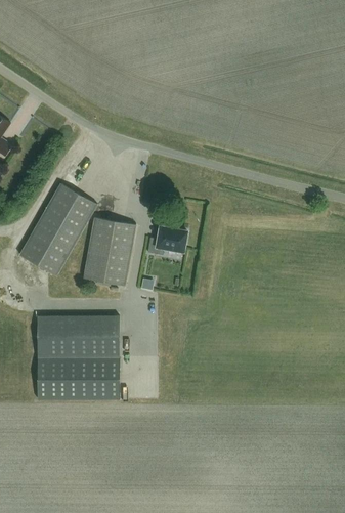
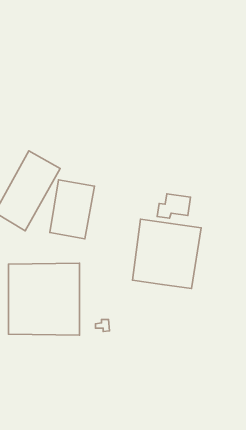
building: [148,226,187,255] -> [157,194,191,218]
building: none -> [133,219,201,289]

